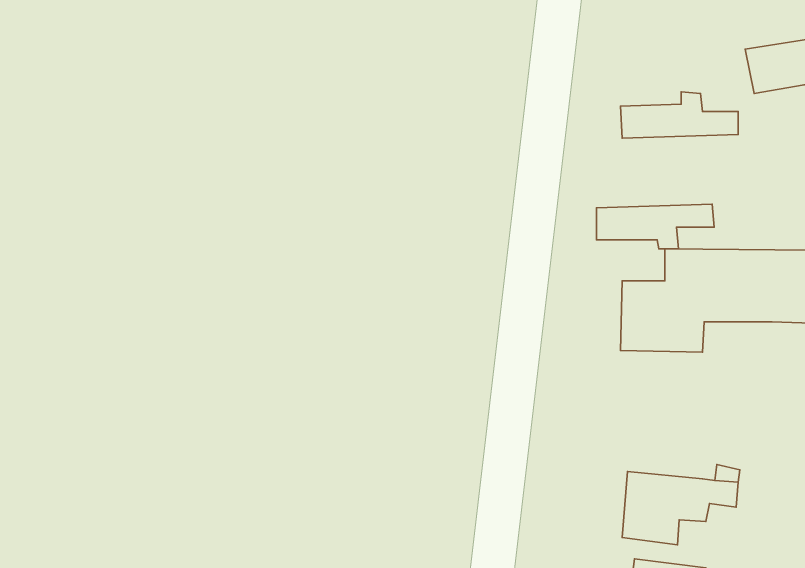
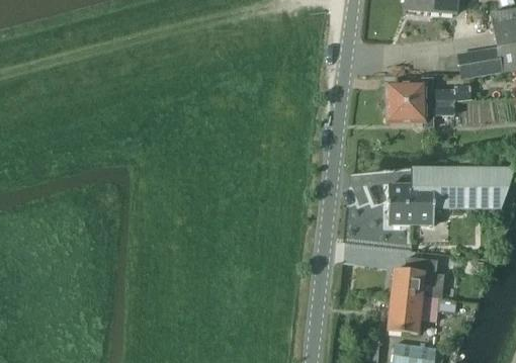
building: [596,204,714,249] -> [389,101,455,126]
building: none -> [392,257,438,296]

